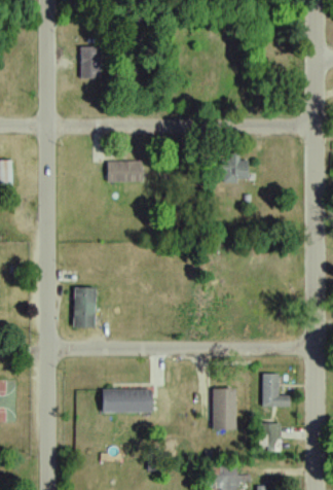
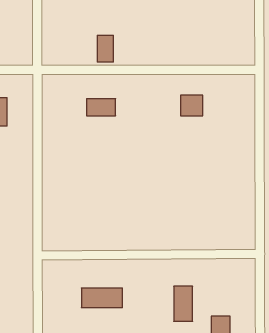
building: [81,46,101,78] -> [97,35,113,62]
building: [74,287,96,328] -> none
building: [262,373,290,406] -> none

